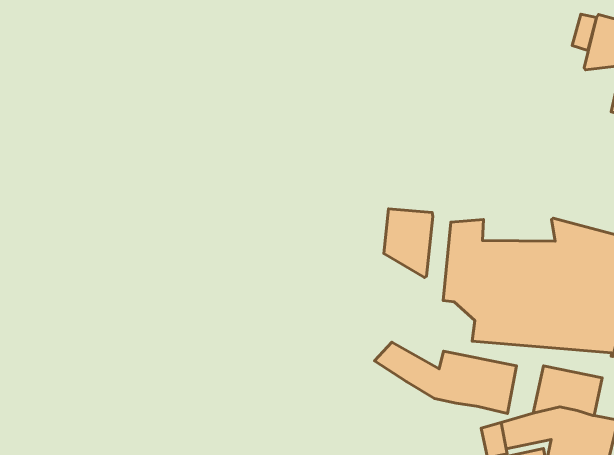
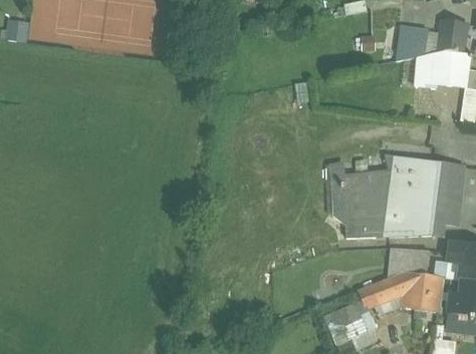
building: [384,209,433,278] -> none
building: [374,342,516,413] -> none

